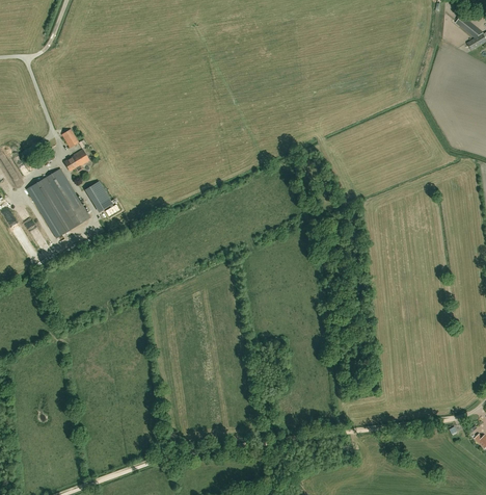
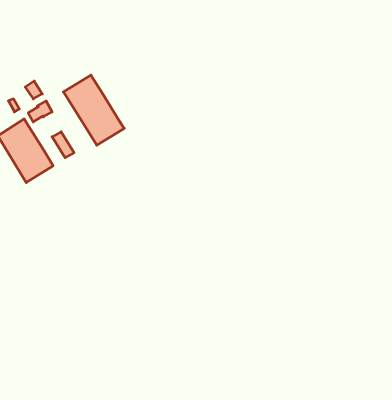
building: none -> [63,75,124,145]

